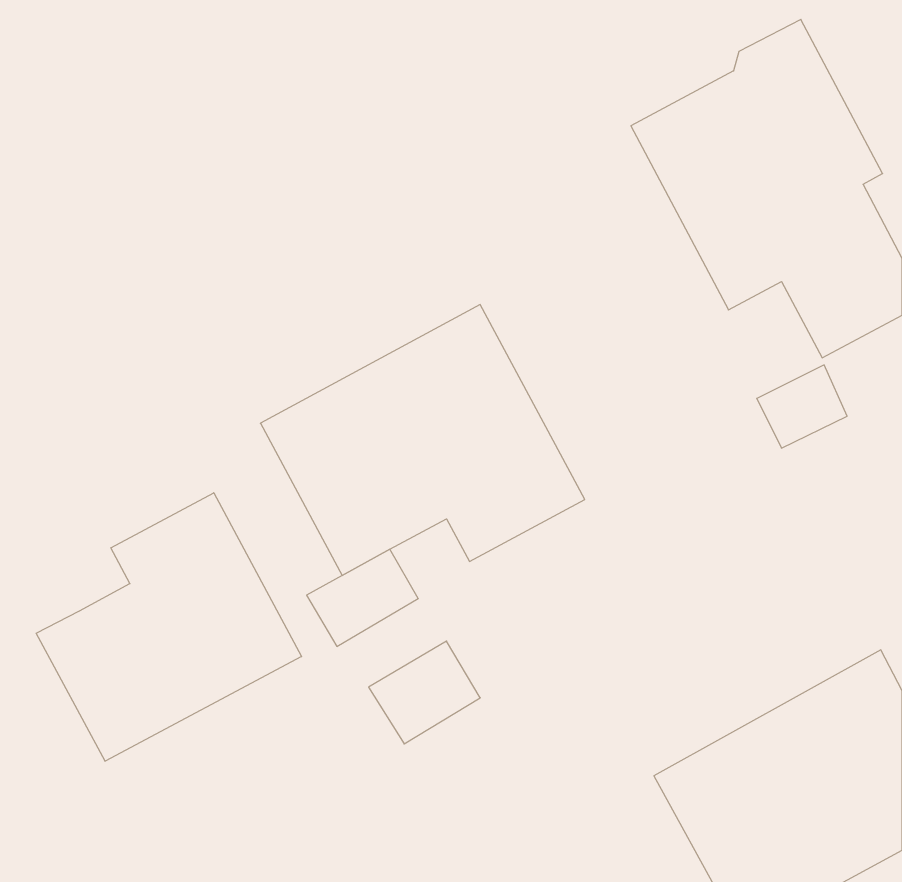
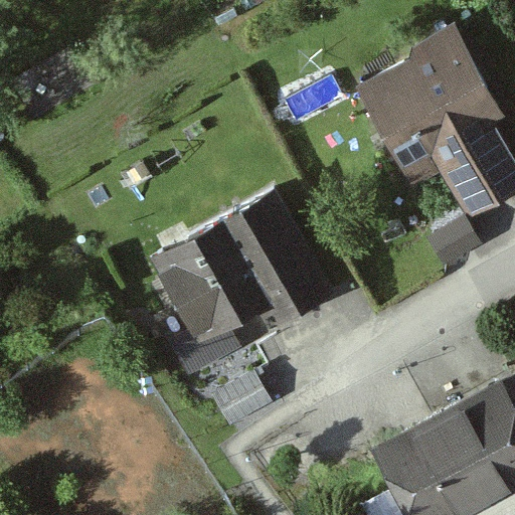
building: [36,493,302,761] -> none

